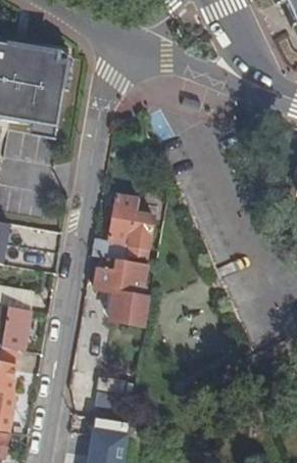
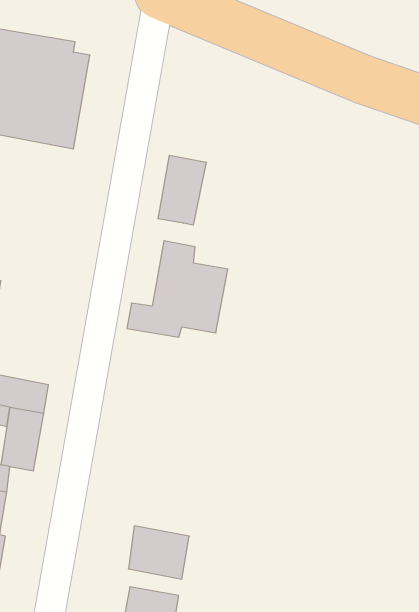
building: none -> [158,155,206,225]
building: [89,257,156,330] -> none

